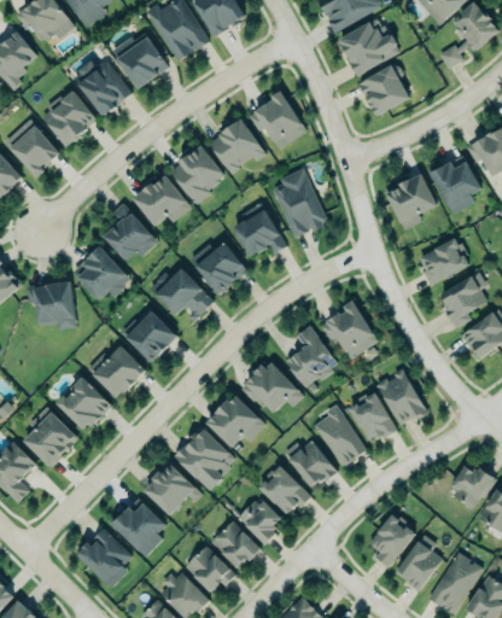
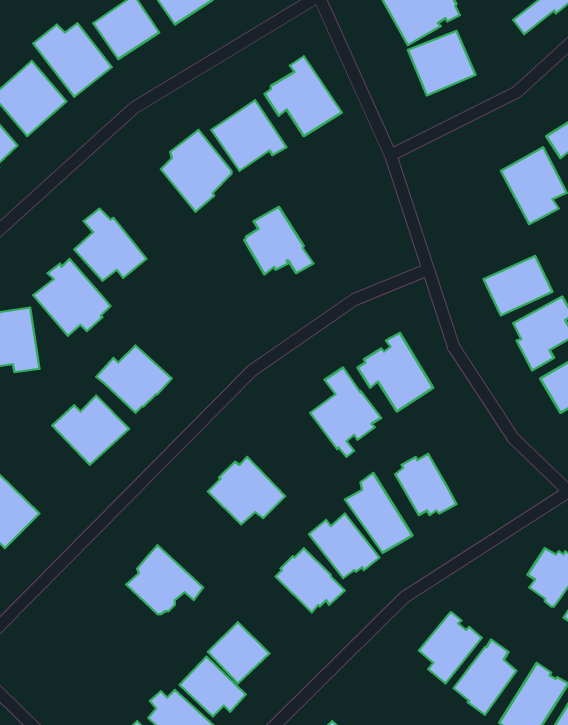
building: [274,167,327,237] -> none
building: [133,173,193,225] -> none
building: [389,177,437,225] -> none
building: [189,244,249,296] -> none
building: [150,269,214,321] -> none
building: [240,361,303,414] -> none
building: [376,367,428,424] -> none
building: [58,375,111,427] -> none
building: [174,426,235,491] -> none
building: [238,497,281,544] -> none
building: [110,499,164,558] -> none
building: [78,527,132,585] -> none

